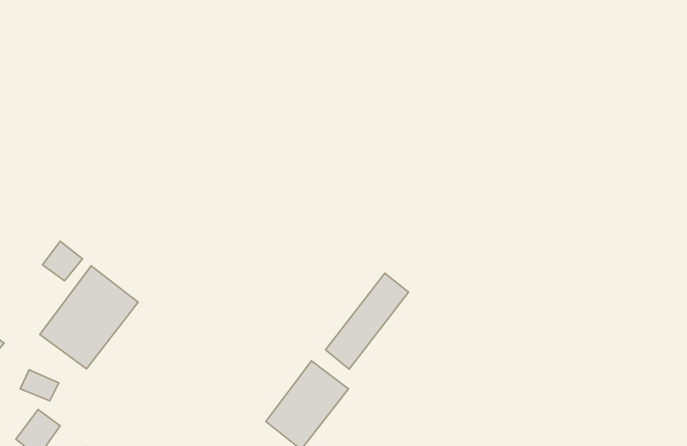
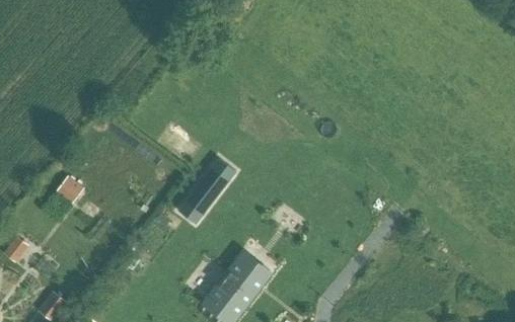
building: [40,266,138,369] -> none
building: [326,273,408,369] -> [178,158,235,224]

